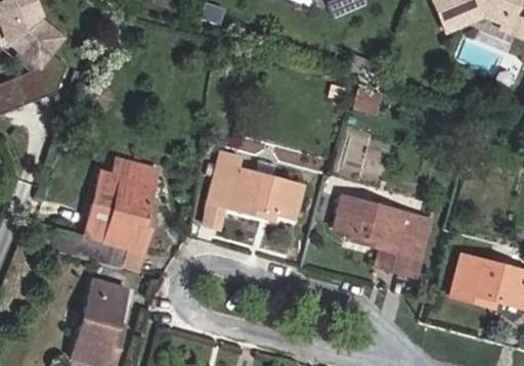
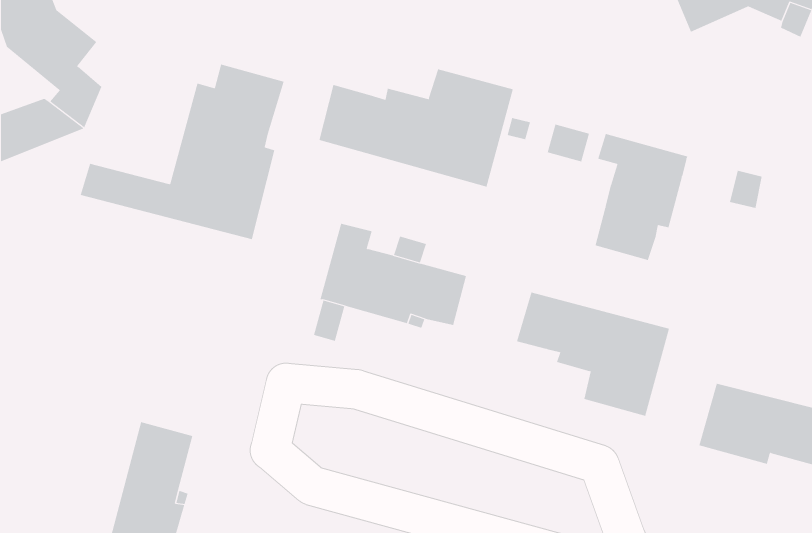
building: none -> [319,69,514,187]
building: none -> [595,133,689,261]
building: [28,157,159,270] -> [80,64,285,240]

